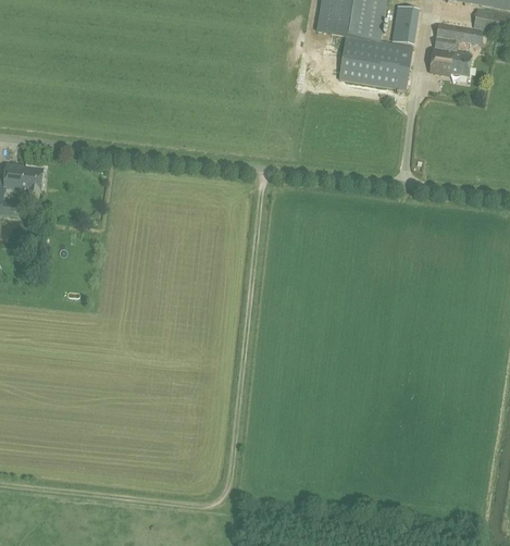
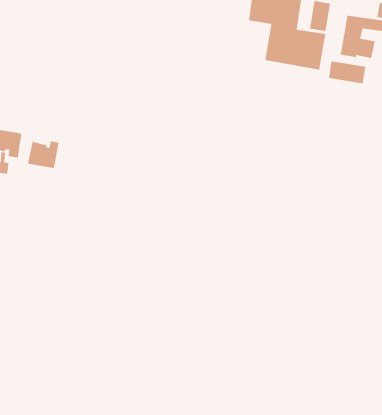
building: none -> [328,61,366,84]
building: none -> [27,141,60,169]

